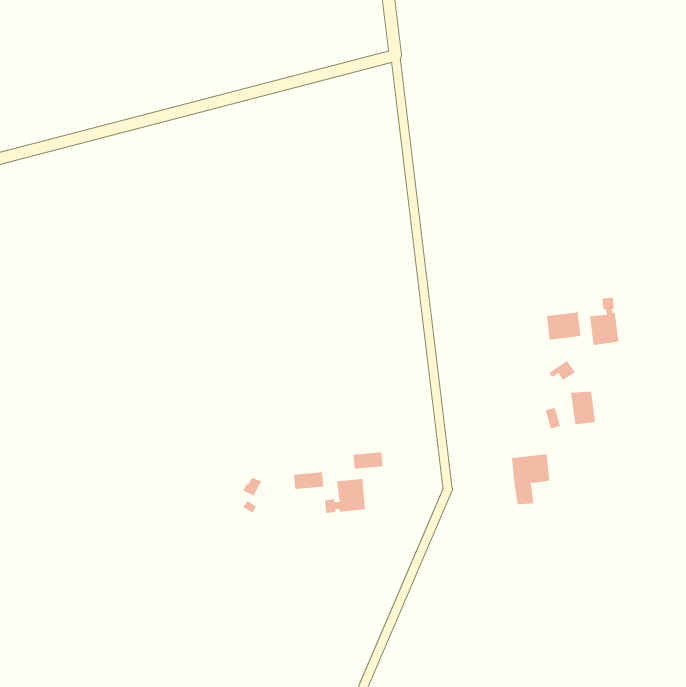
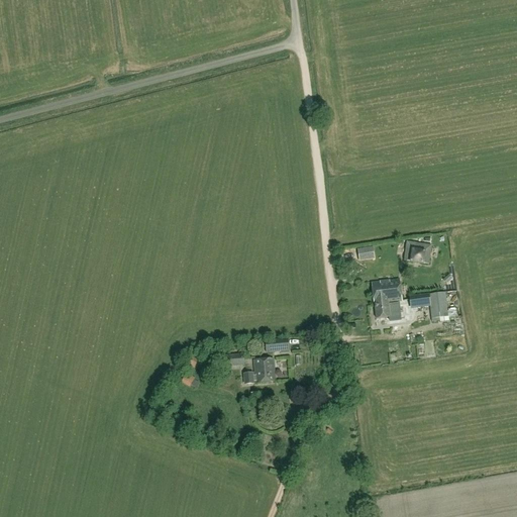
building: [590,297,619,346] -> none
building: [511,454,550,505] -> [372,282,401,320]

